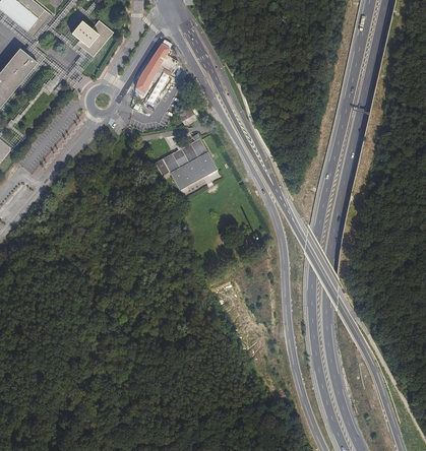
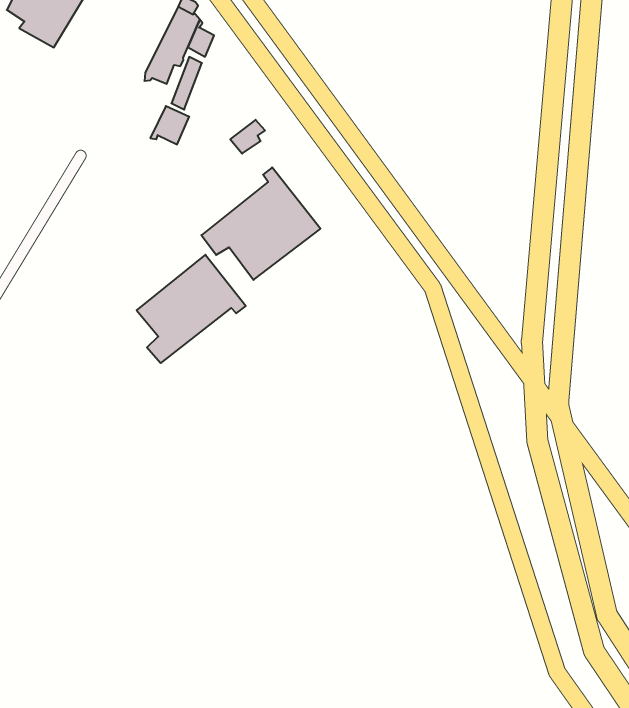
building: none -> [137,255,246,363]

